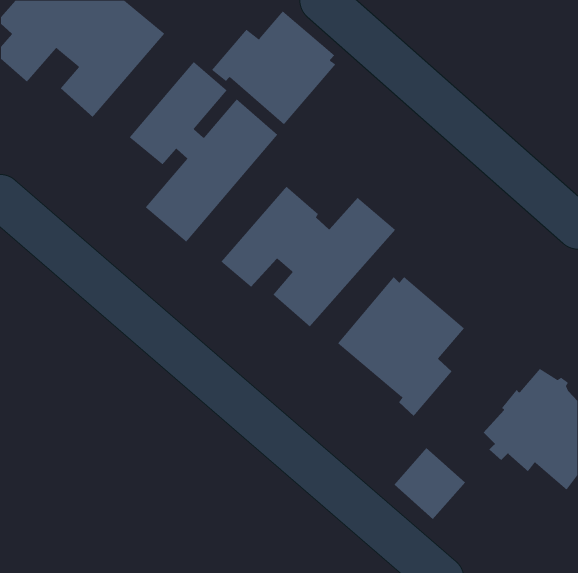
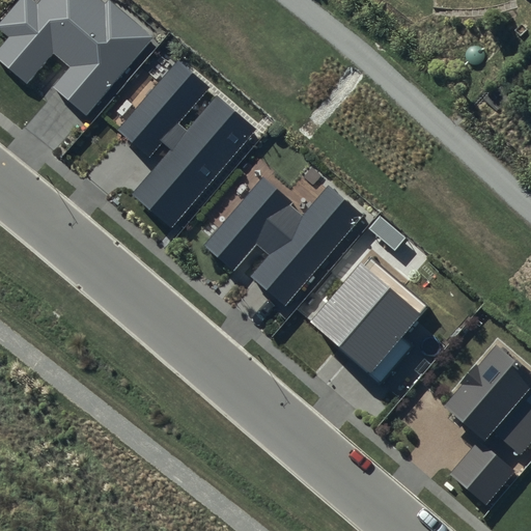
building: [211,11,336,125] -> none
building: [393,447,466,520] -> [449,440,515,506]

